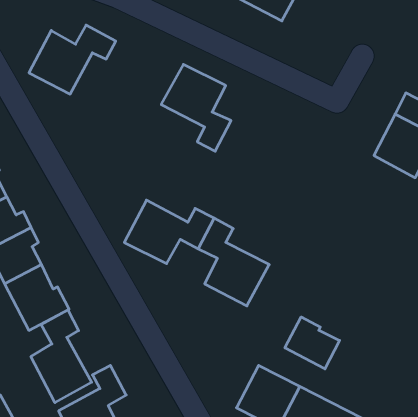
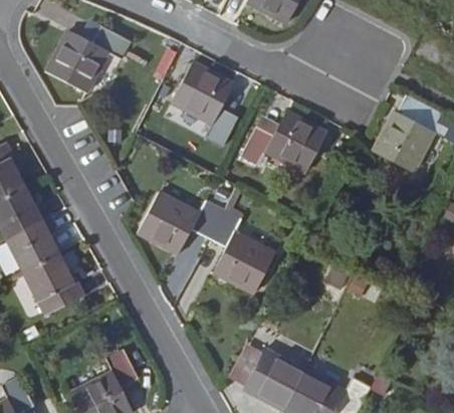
building: none -> [241,111,326,171]
building: [31,310,92,403] -> none
building: [285,317,340,369] -> none

